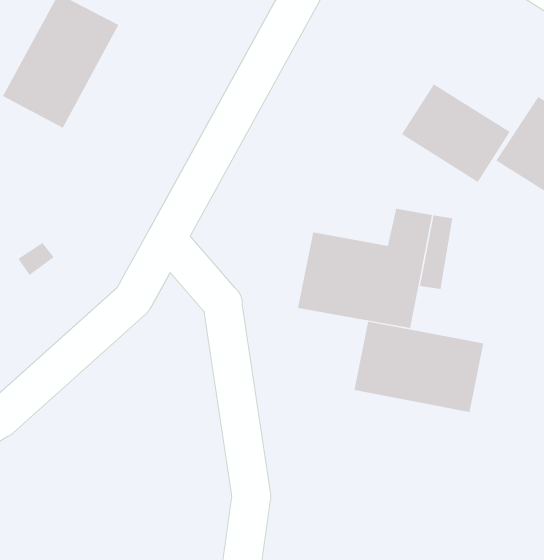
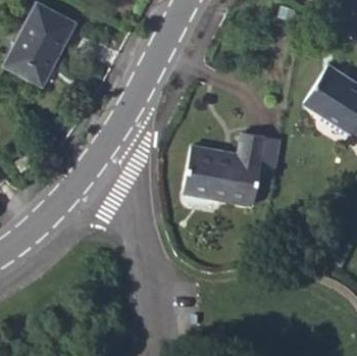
building: [401,83,511,183] -> none
building: [354,321,484,413] -> none

